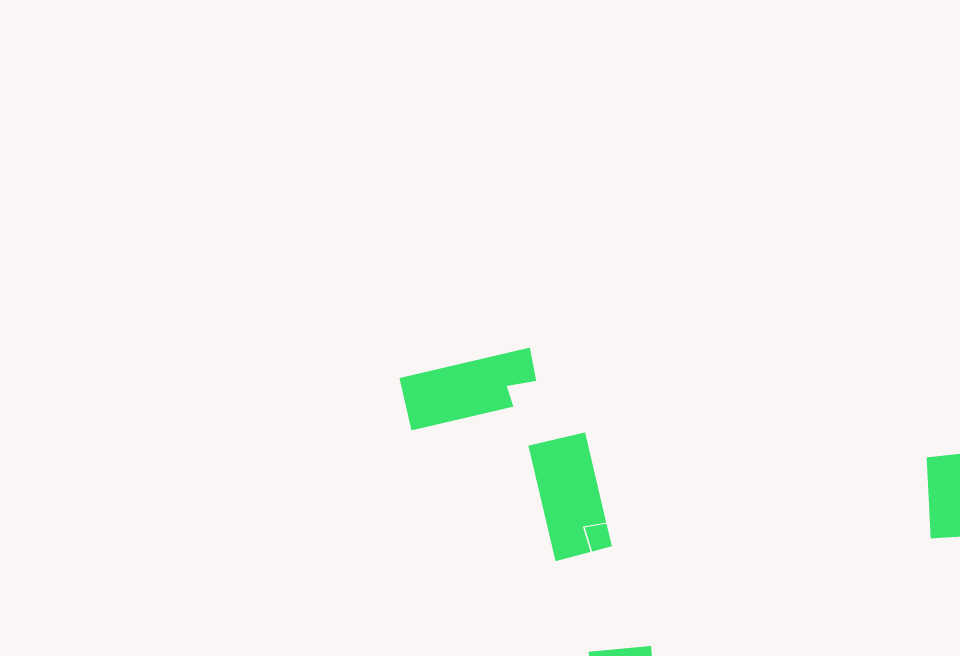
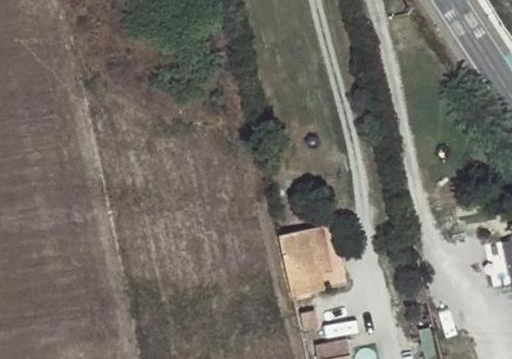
building: [399,347,537,431] -> none

